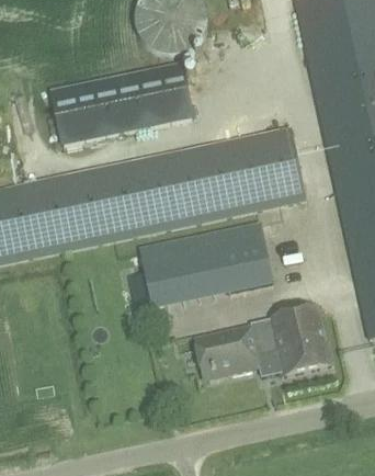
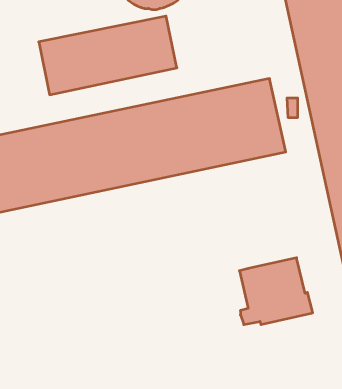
building: [138,222,273,310] -> none
building: [195,320,266,377] -> none

